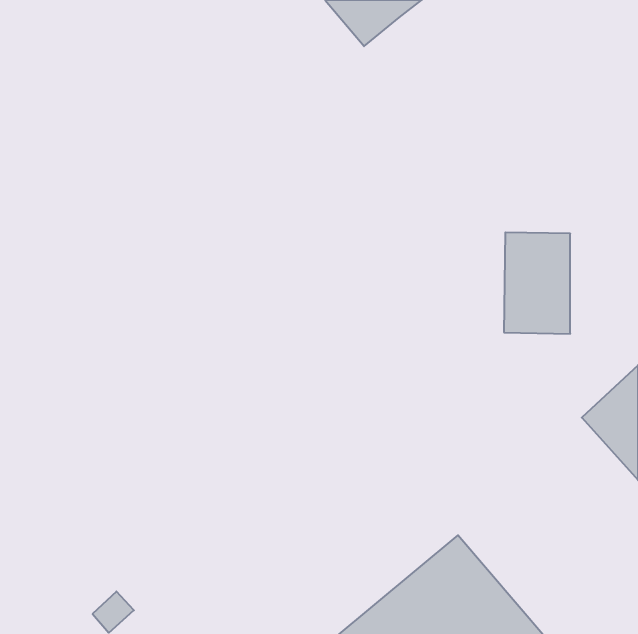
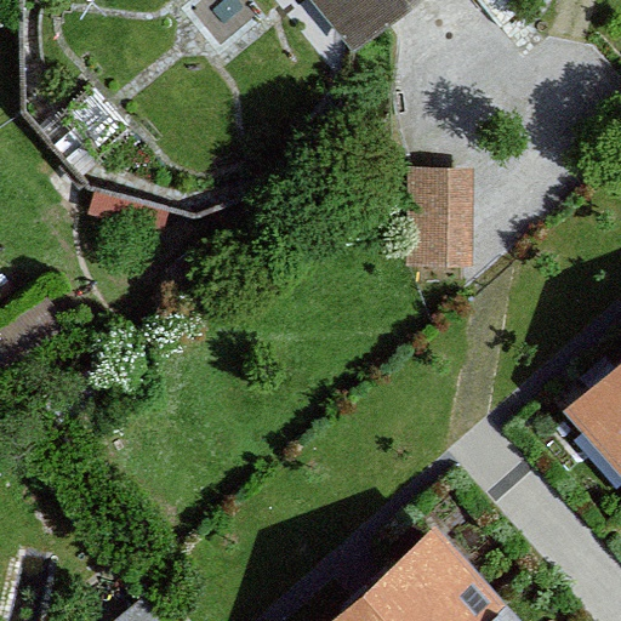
building: [504,232,570,334] -> [409,172,473,270]

